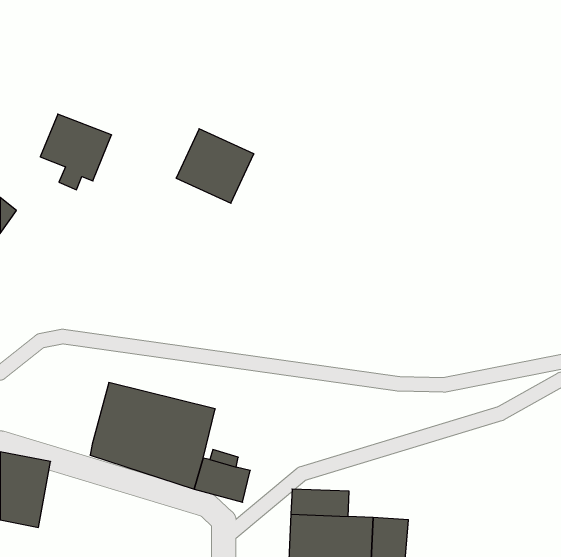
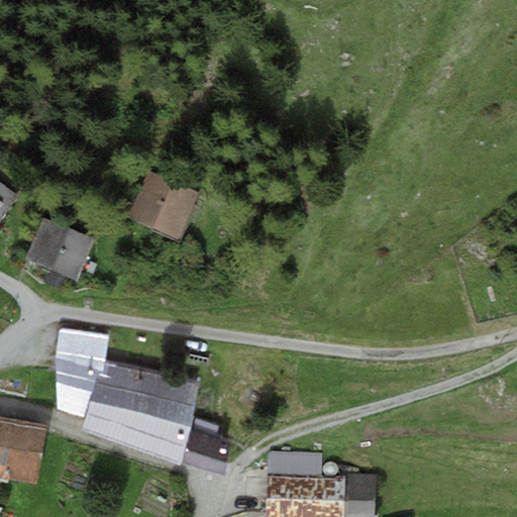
building: [40,114,112,190] -> [29,222,95,292]
building: [176,129,254,203] -> [128,173,200,241]
building: none -> [55,326,104,412]

